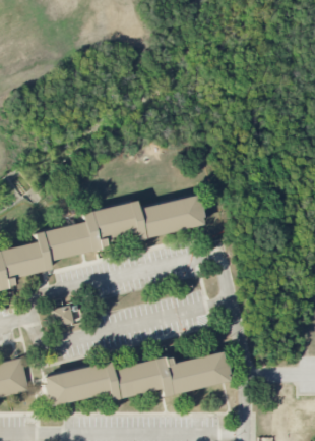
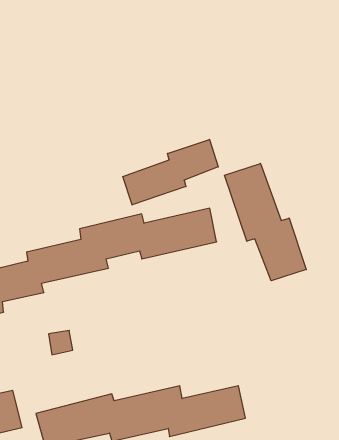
building: none -> [123,139,218,205]
building: none -> [224,163,306,281]

